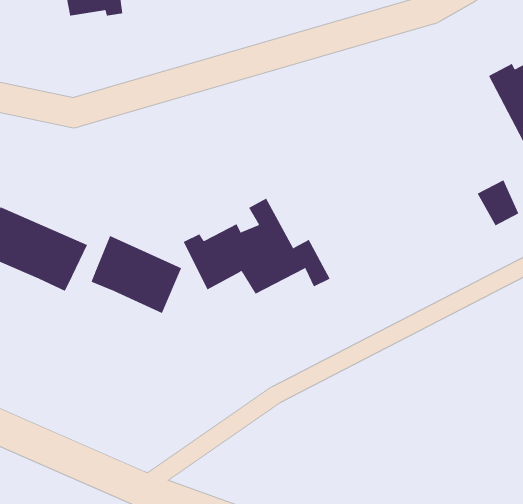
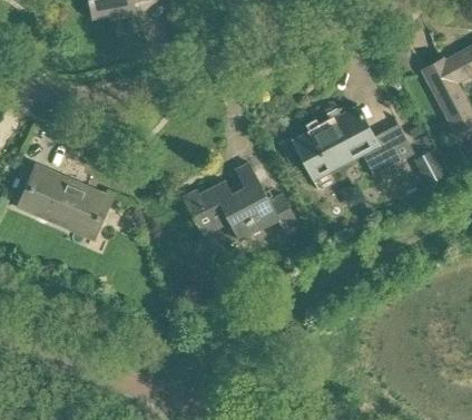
building: none -> [291,101,413,178]
building: [91,235,182,314] -> none

